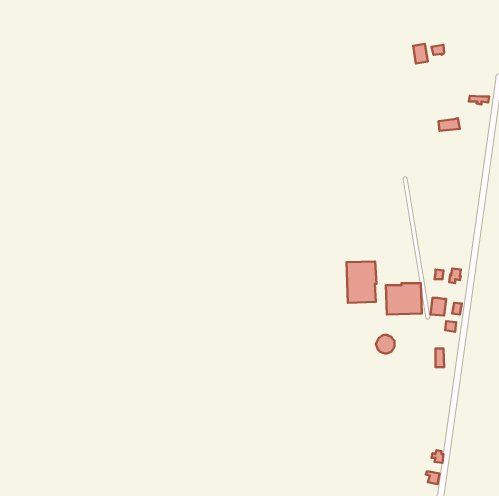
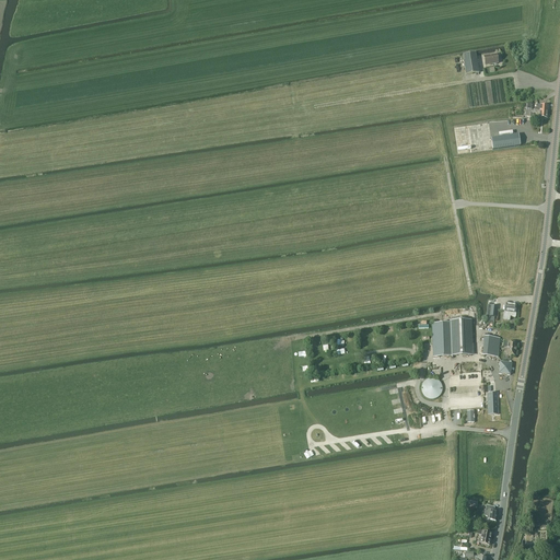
building: [346,261,377,303] -> none

